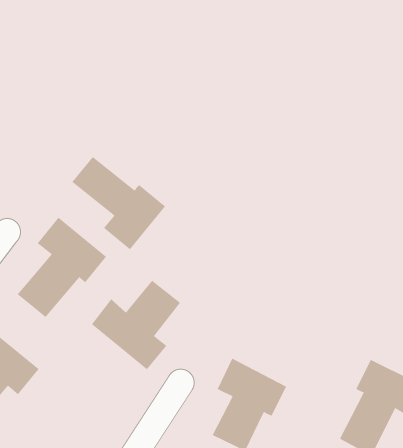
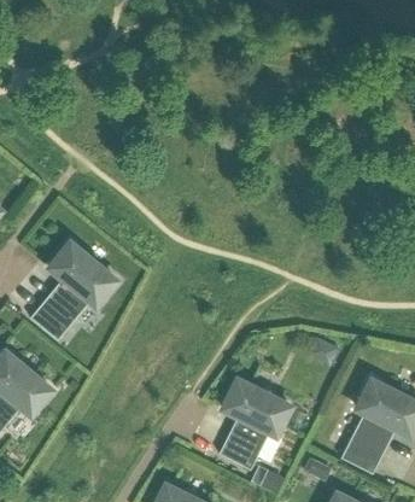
building: [71,156,166,250] -> none
building: [91,280,181,370] -> none

